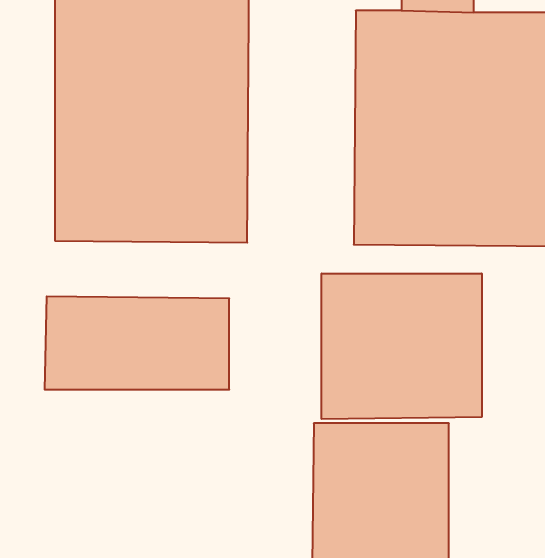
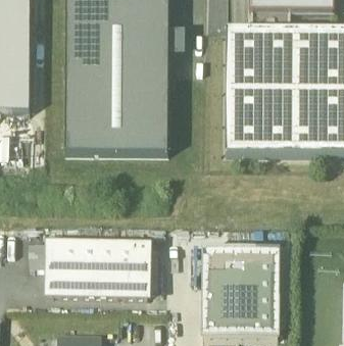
building: [322,273,482,419] -> none
building: [45,296,229,390] -> [48,242,147,292]

